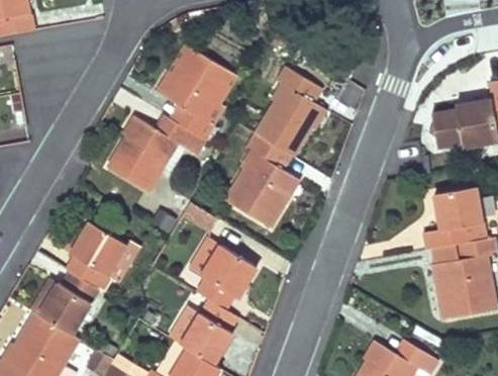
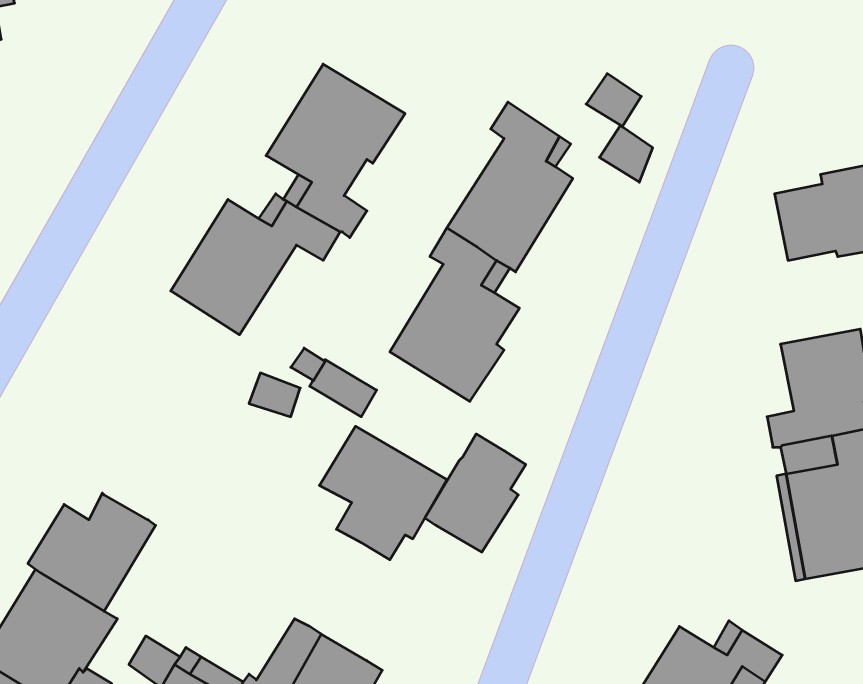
building: [70,223,128,287] -> none
building: [183,299,236,362] -> [425,434,526,552]

